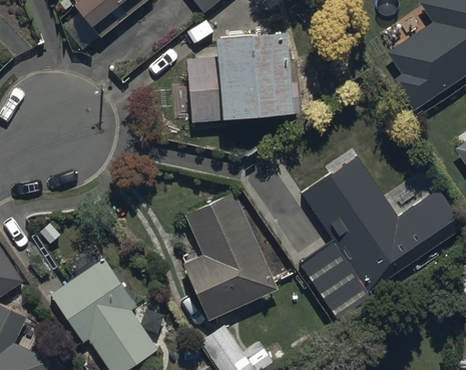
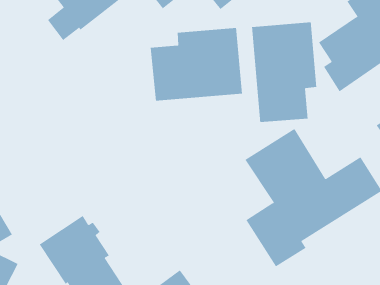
building: none -> [252,22,317,123]
building: [181,191,279,322] -> none

